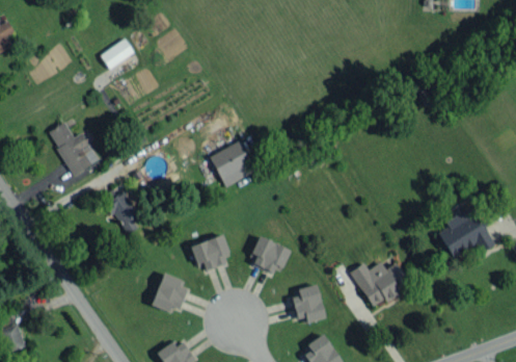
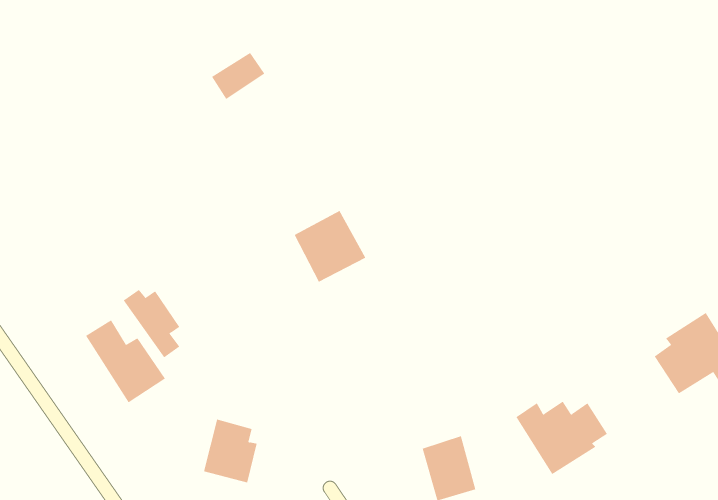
building: [100,38,134,69] -> [211,52,265,100]
building: [48,122,99,175] -> [85,319,166,403]
building: [191,234,229,273] -> none
building: [247,236,290,274] -> none

